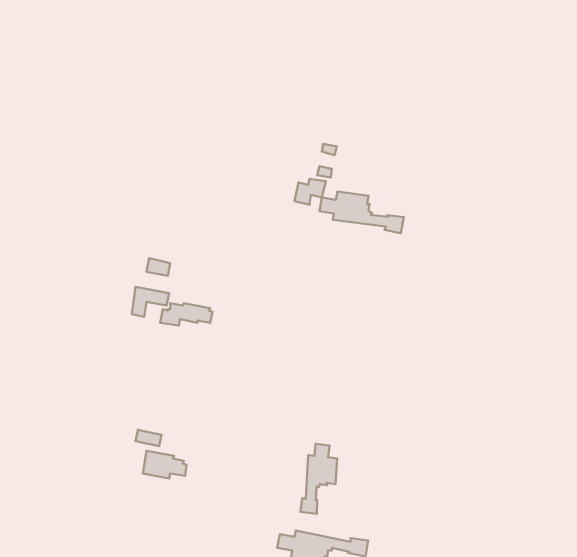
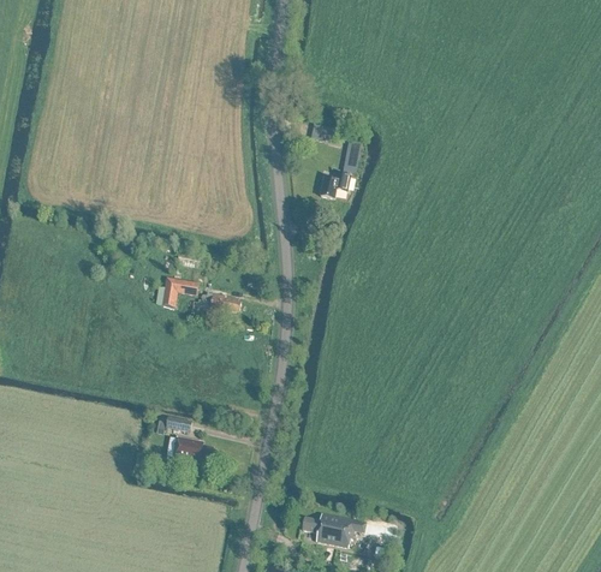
building: [320,191,404,233] -> none
building: [300,444,337,514] -> none

